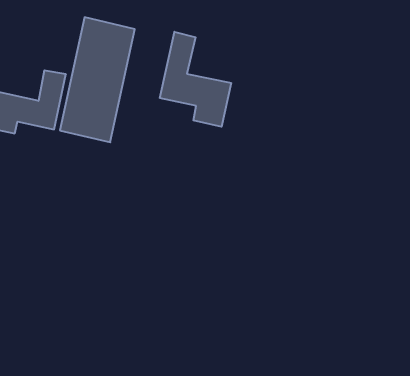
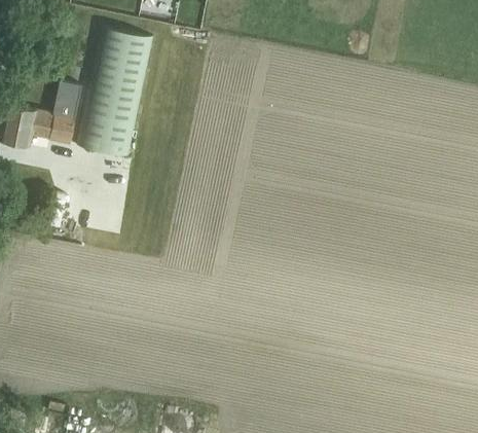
building: [160,32,231,127] -> none

